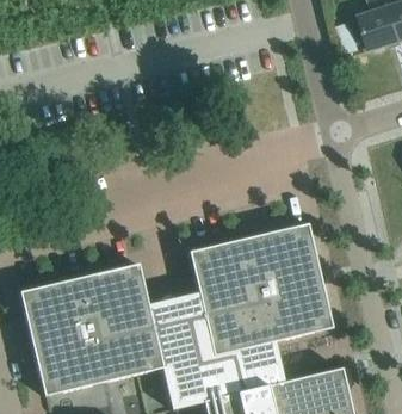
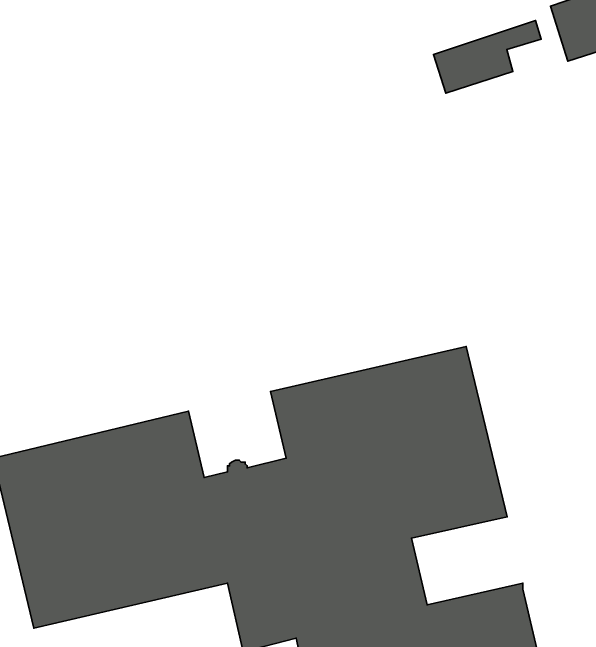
building: none -> [433,21,541,93]

